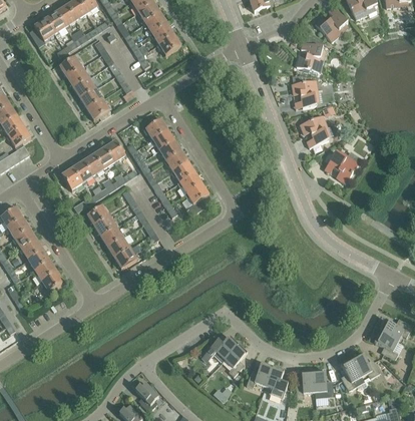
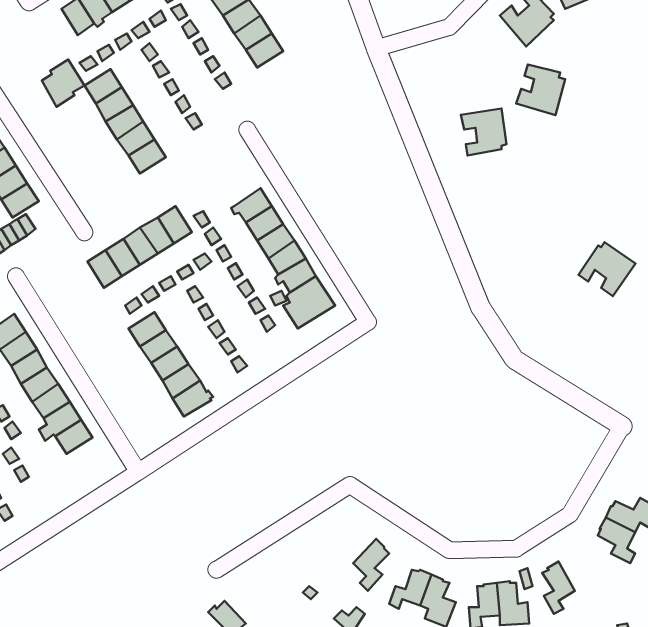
building: [29,18,55,47] -> [42,59,84,107]
building: [296,41,326,72] -> [516,65,565,115]
building: [142,113,167,139] -> none
building: [300,114,331,147] -> none
building: [324,149,359,182] -> [578,242,636,296]
building: [200,336,239,362] -> none
building: [351,353,380,378] -> none

